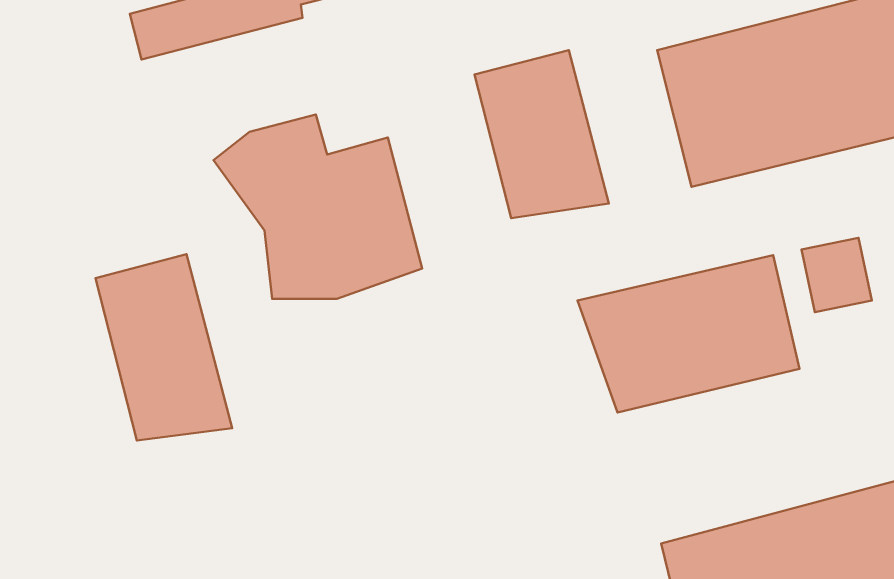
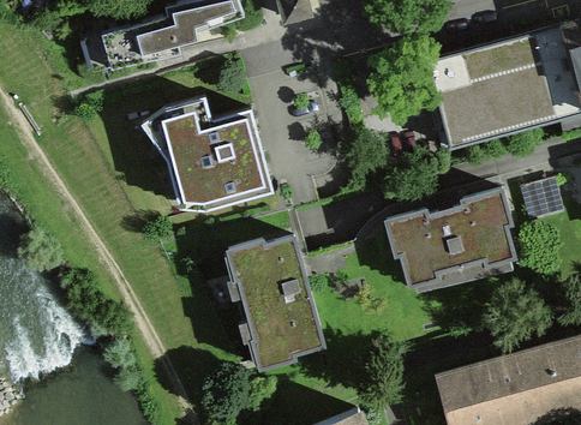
building: [475,50,609,218] -> none
building: [95,254,232,441] -> none
building: none -> [220,234,321,367]

